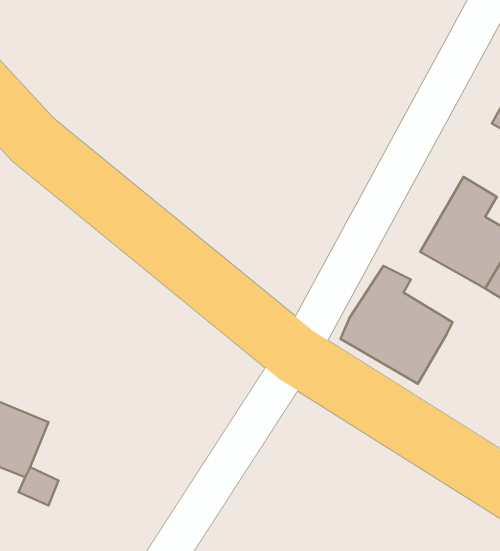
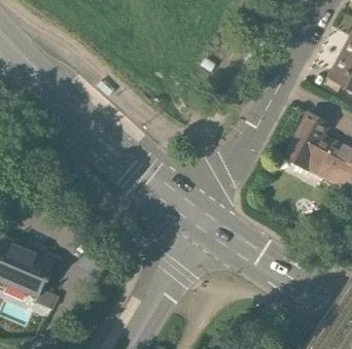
building: [341,266,453,384] -> none

